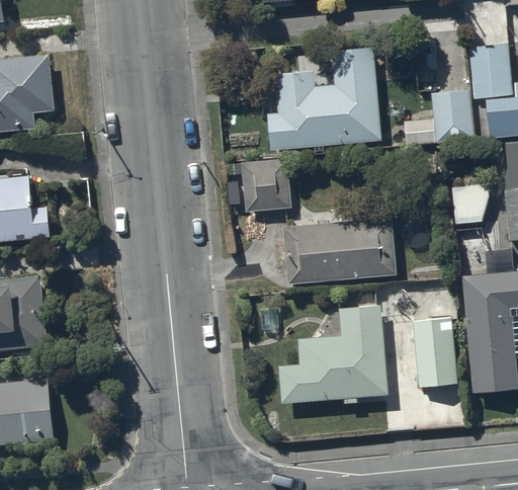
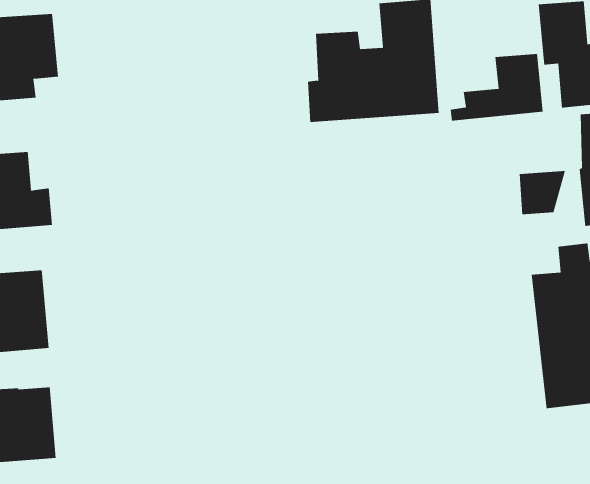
building: [240,157,290,211] -> none
building: [281,215,396,282] -> none
building: [278,311,386,409] -> none
building: [411,321,457,389] -> none

